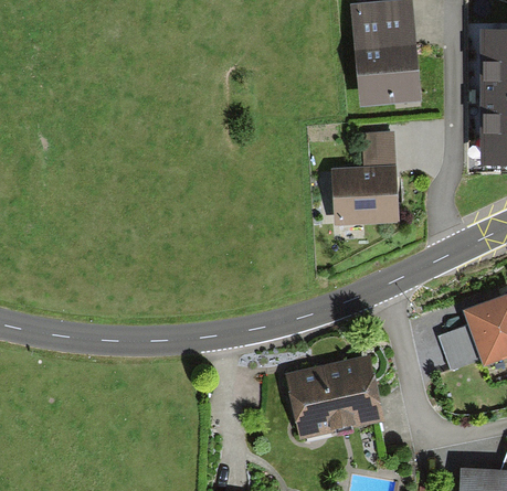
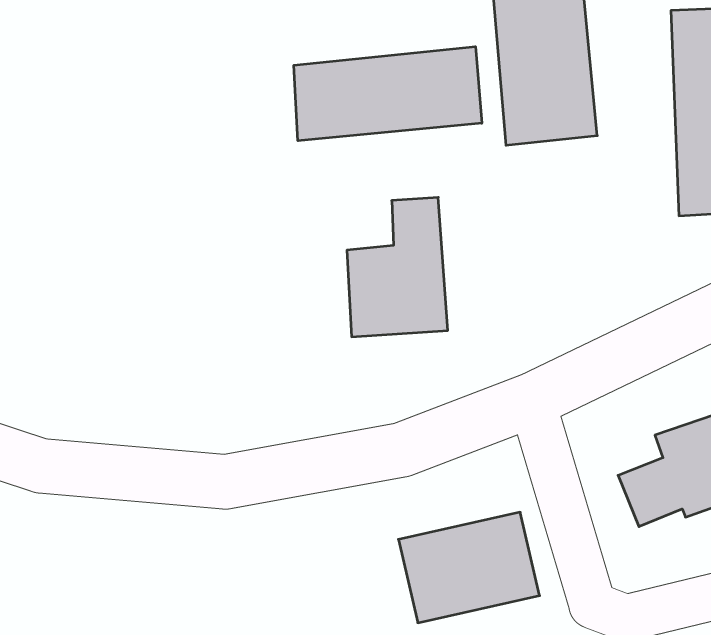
building: none -> [294,47,482,141]
building: [330,131,400,227] -> [347,197,448,337]

